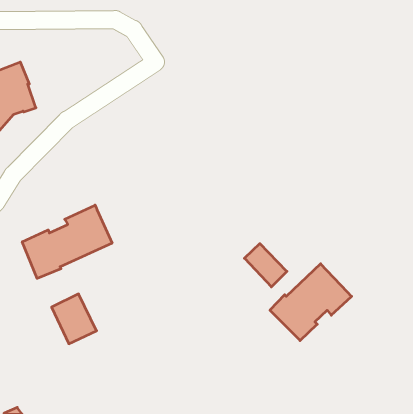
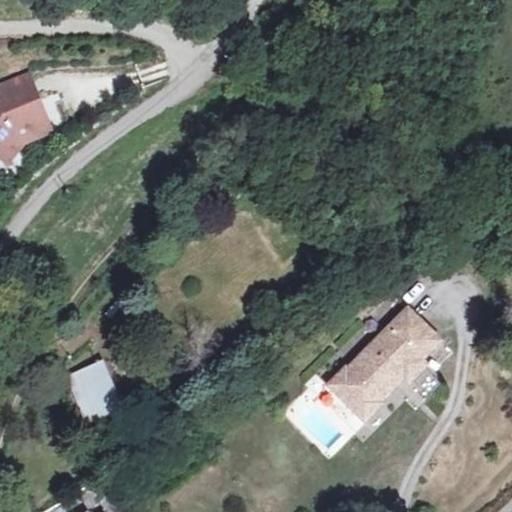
building: [22,205,112,278] -> none
building: [244,244,287,287] -> [392,305,444,358]

